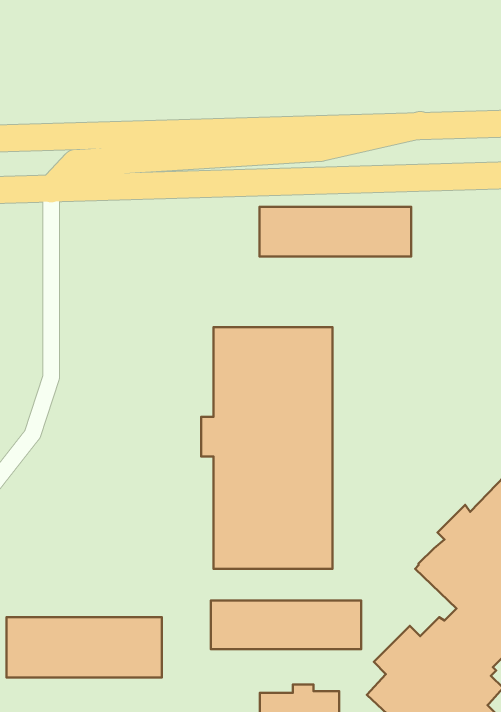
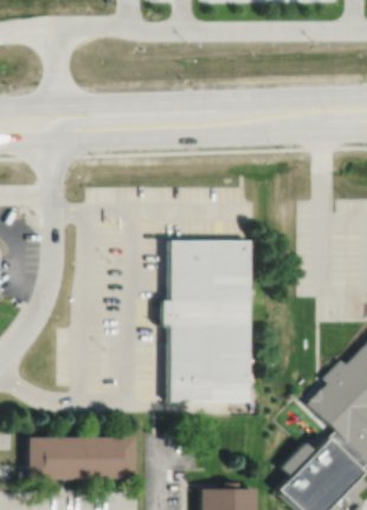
building: [260,207,411,256] -> none
building: [211,600,361,649] -> none

